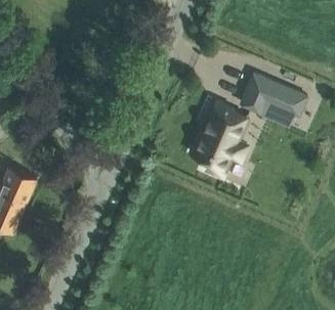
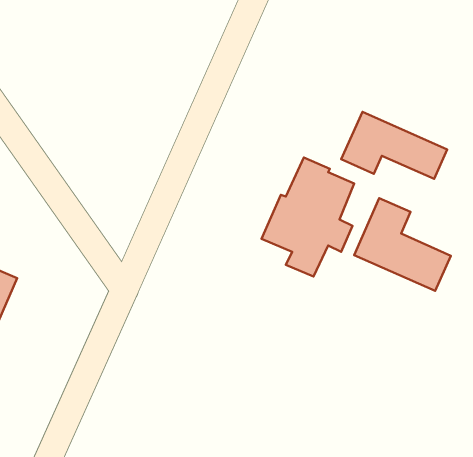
building: none -> [354,198,451,291]

